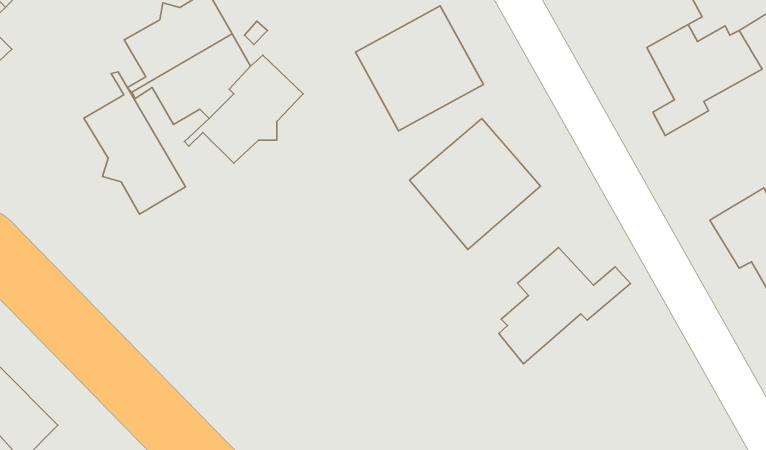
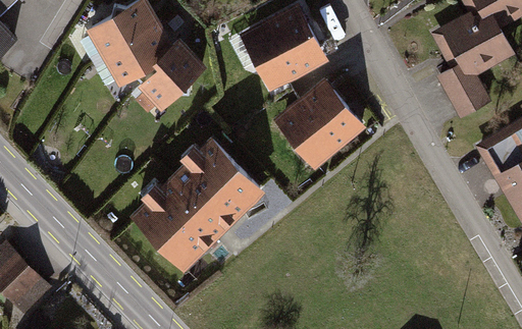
building: [84,72,185,214] -> none
building: none -> [446,76,488,117]
building: none -> [133,140,263,269]
building: [499,247,630,364] -> none

